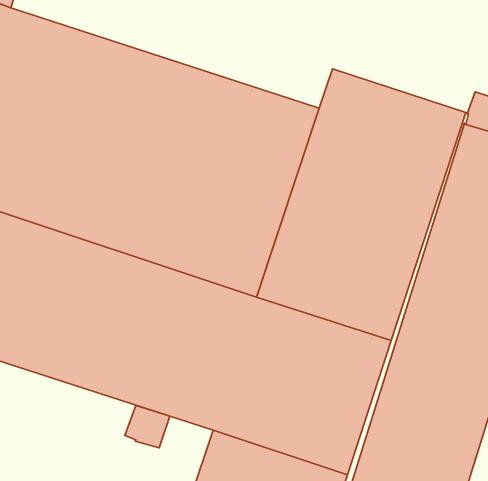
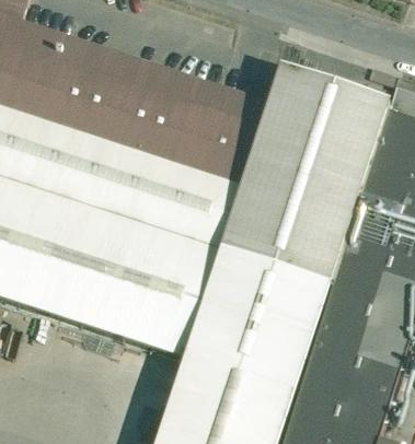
building: [125,406,170,448] -> none

